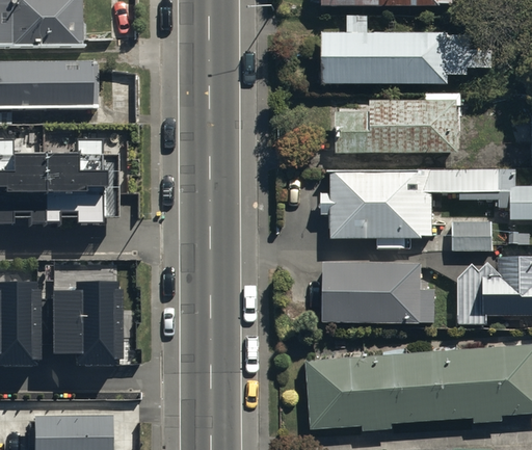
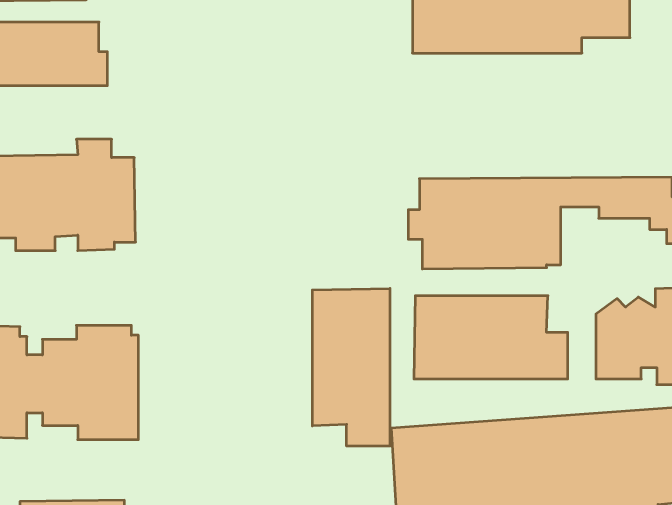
building: [335,91,460,152] -> none
building: [451,219,494,259] -> none
building: none -> [312,288,390,446]

